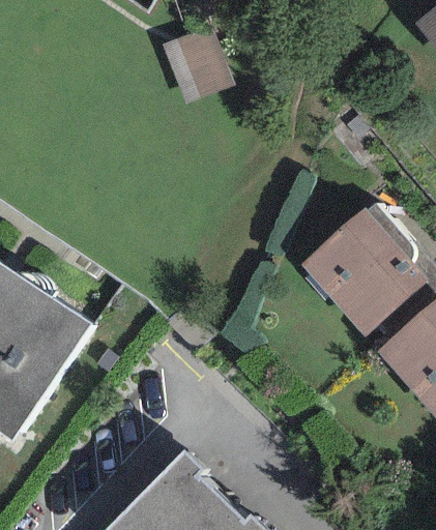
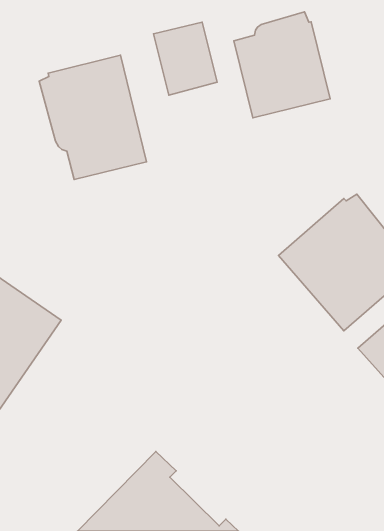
building: none -> [234,12,330,118]
building: none -> [39,55,147,180]

